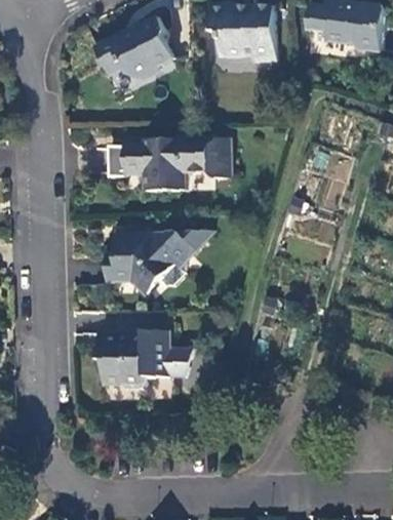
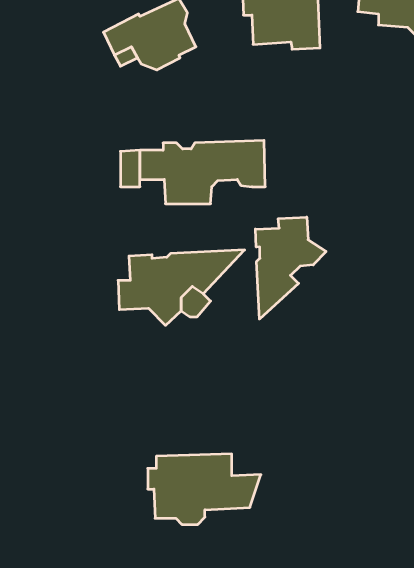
building: none -> [255,217,326,319]
building: [99,330,194,390] -> [148,454,261,524]

